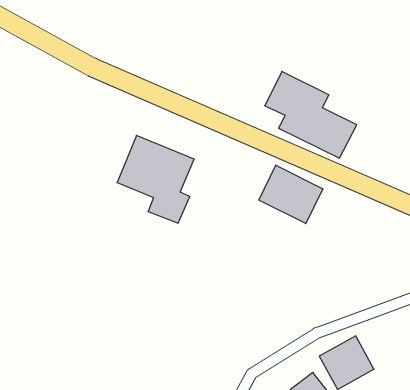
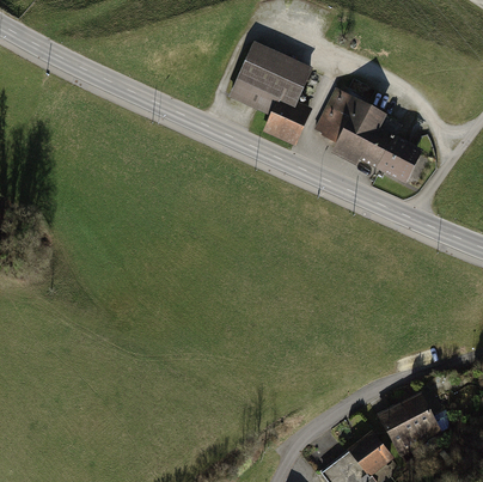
building: [117,135,194,223] -> [227,44,313,142]
building: [259,165,323,224] -> none

